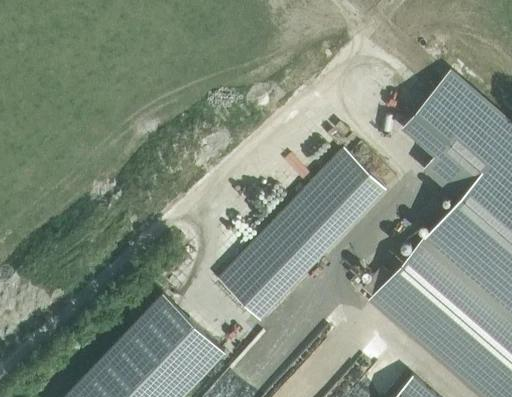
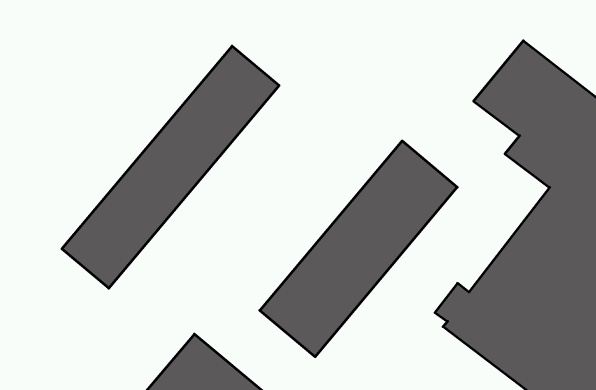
building: none -> [62,46,279,288]

